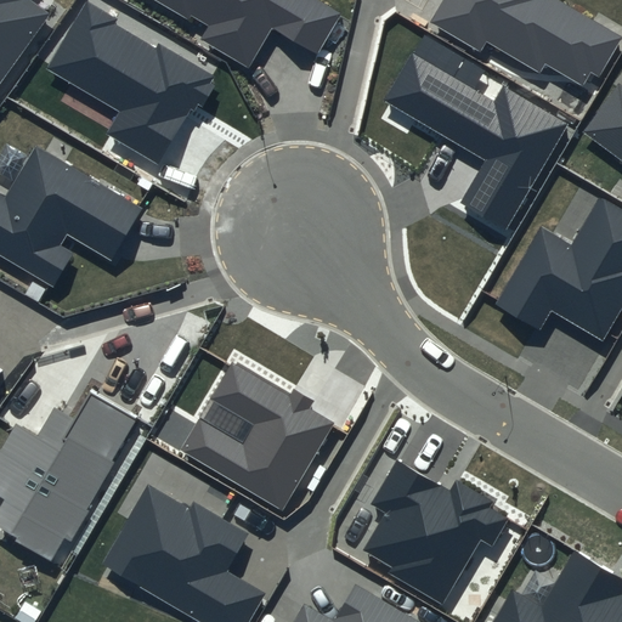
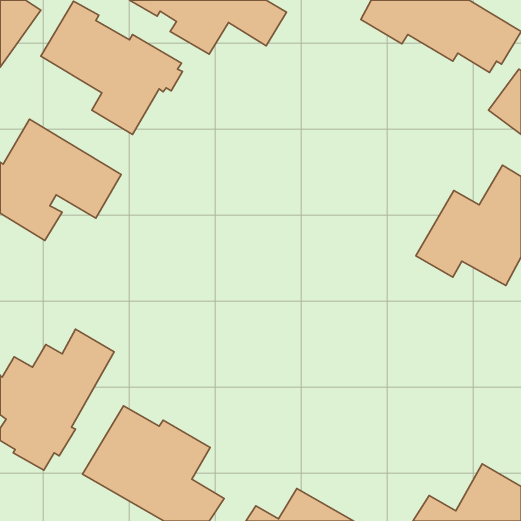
building: [385,52,571,228] -> none
building: [180,362,334,510] -> none
building: [362,459,509,605] -> none

